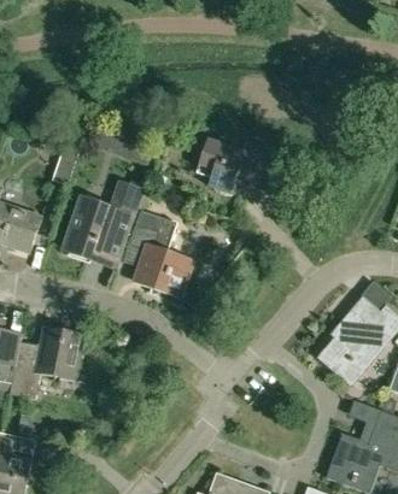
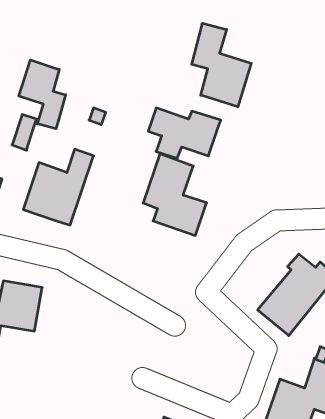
building: none -> [192,23,251,107]
building: none -> [19,60,66,129]
building: [123,207,192,295] -> [143,154,207,235]

